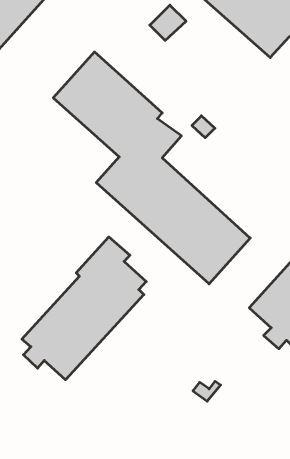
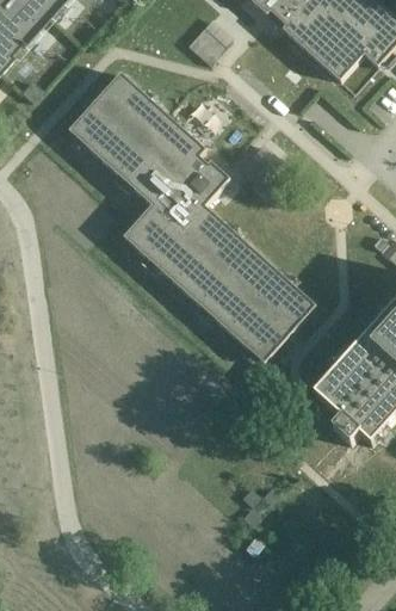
building: [22,237,146,380] -> none

